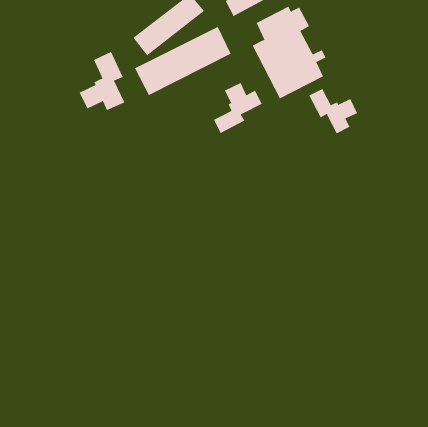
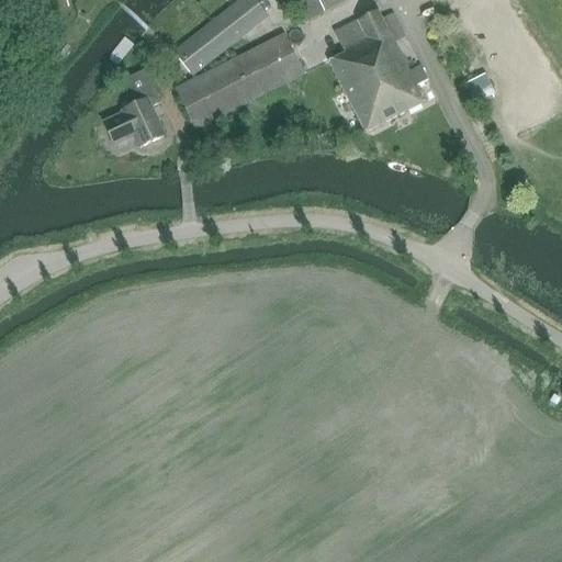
building: [213,82,262,134] -> none
building: [309,88,358,134] -> none

